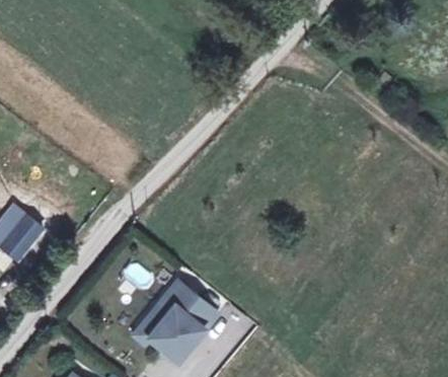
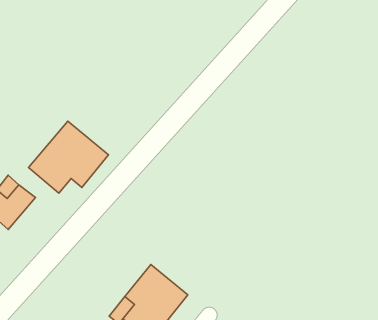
building: none -> [29,121,108,193]

